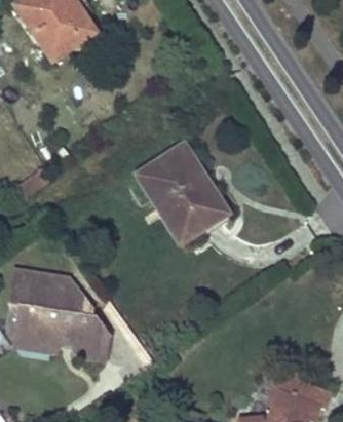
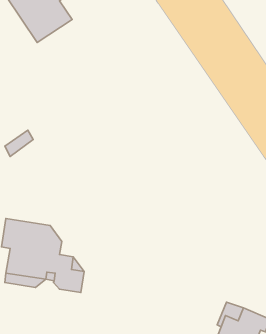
building: [135,143,221,239] -> none

